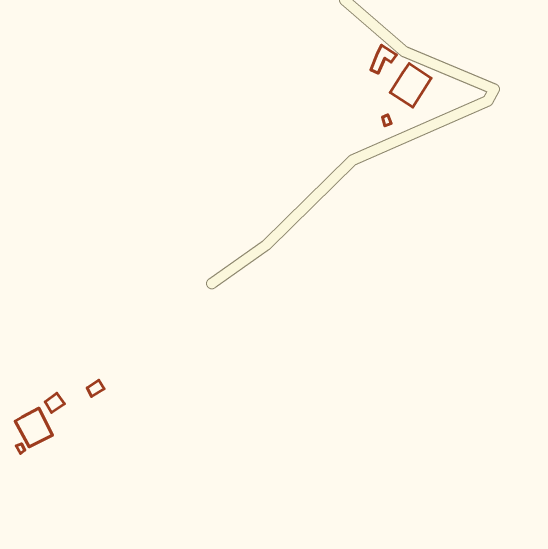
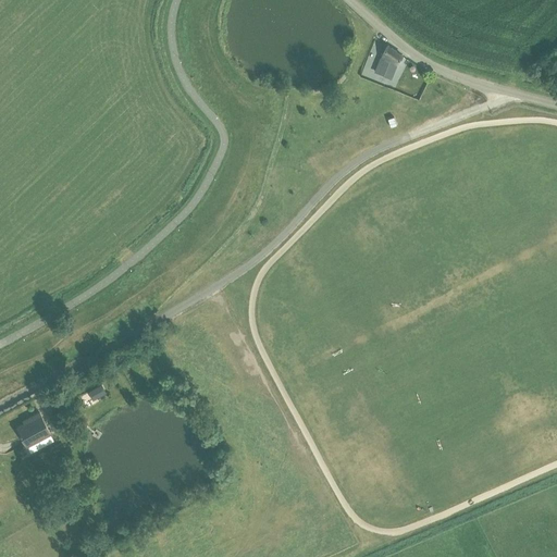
building: [390,63,431,107] -> none

